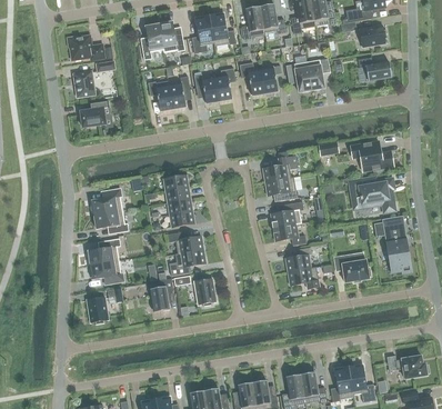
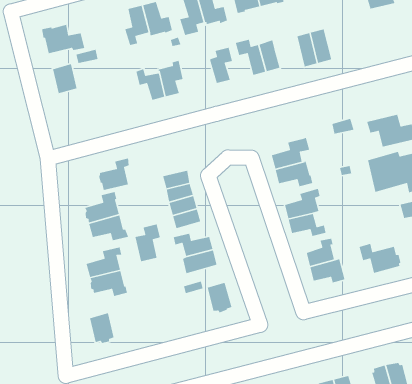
building: [358,56,391,80] -> none
building: [193,73,219,102] -> none
building: [79,99,108,127] -> [98,157,130,191]
building: [150,278,173,311] -> [135,223,161,262]

